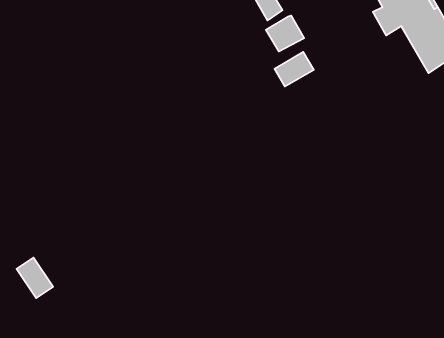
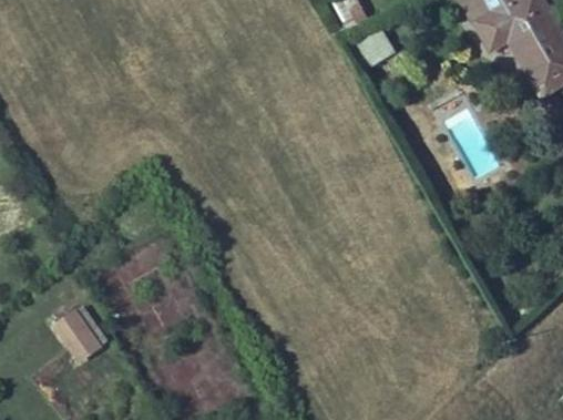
building: [274,52,314,87] -> none

